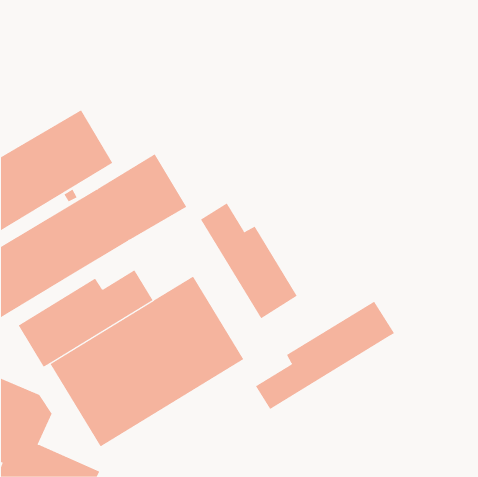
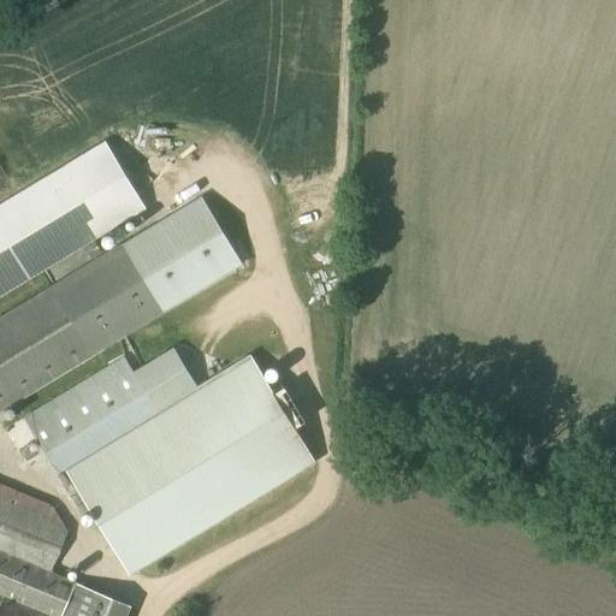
building: [200,203,298,319] -> none
building: [255,301,395,410] -> none

